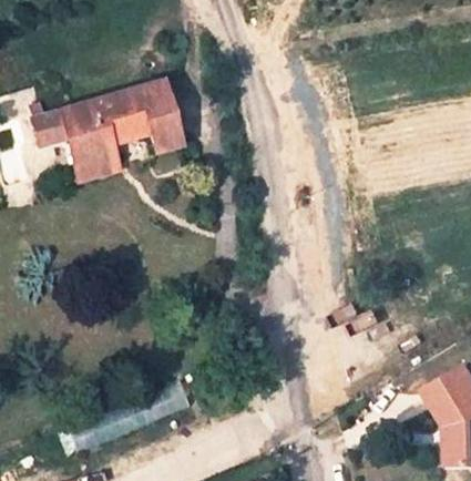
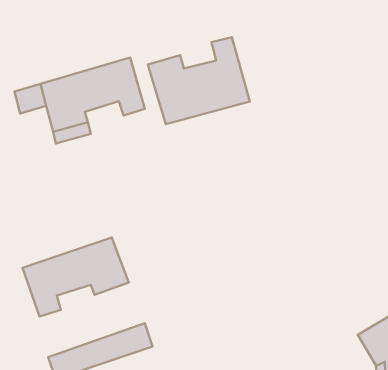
building: none -> [148,37,250,124]
building: none -> [23,237,129,316]

